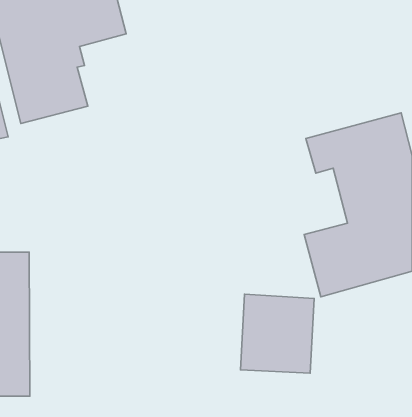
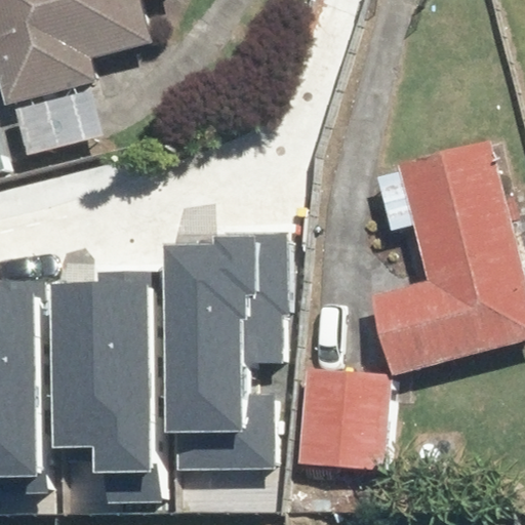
building: none -> [162,256,255,442]
building: none -> [56,296,147,483]

